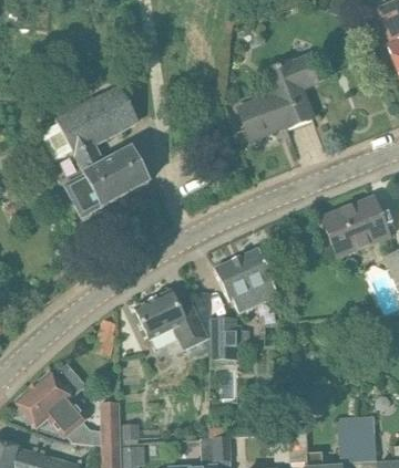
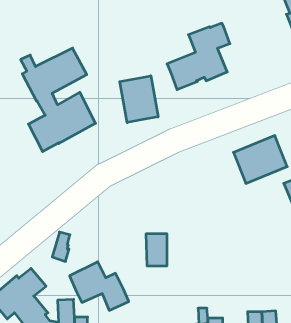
building: none -> [120,76,158,123]
building: [214,248,278,313] -> none
building: [135,289,209,350] -> [70,262,129,310]

